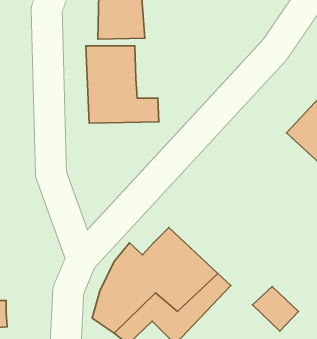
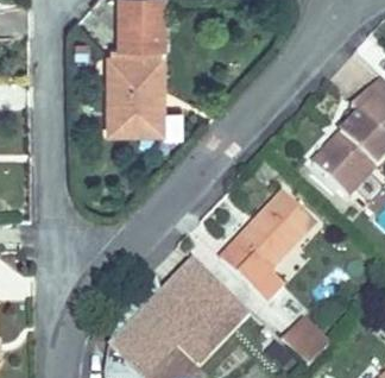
building: none -> [217,185,326,313]

